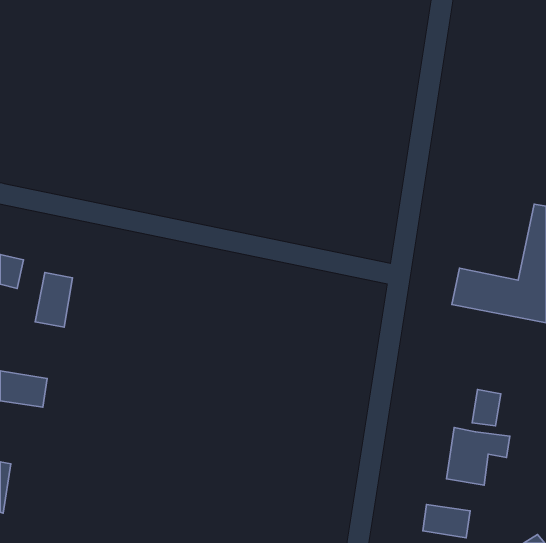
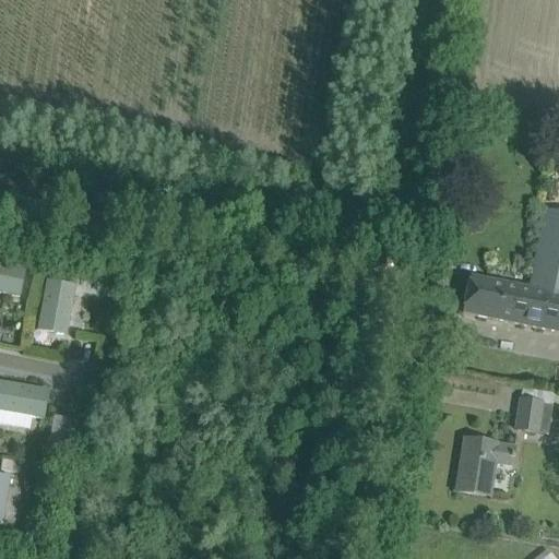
building: [472,390,501,426] -> [519,397,548,435]
building: [423,504,470,538] -> none

